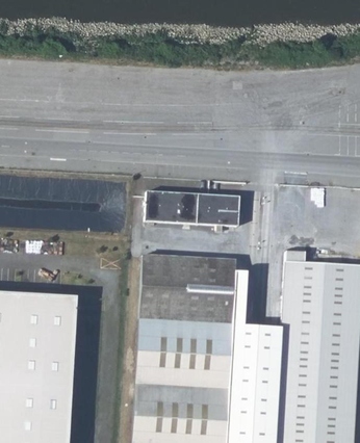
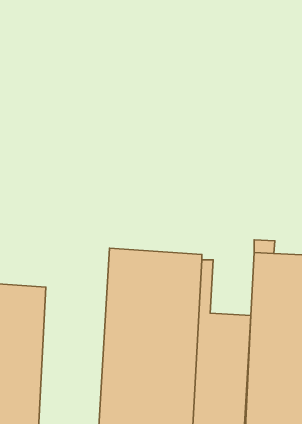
building: [146,193,239,229] -> none

